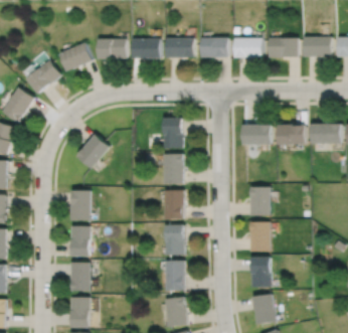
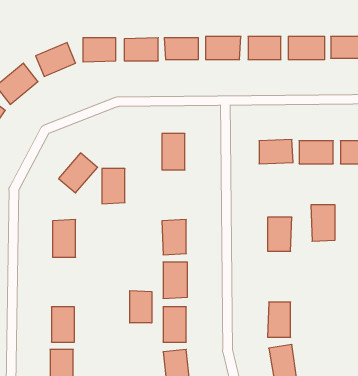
building: [164,154,183,183] -> [102,169,125,204]
building: [249,221,270,252] -> [311,205,335,241]
building: [71,225,91,256] -> none
building: none -> [130,291,152,323]

